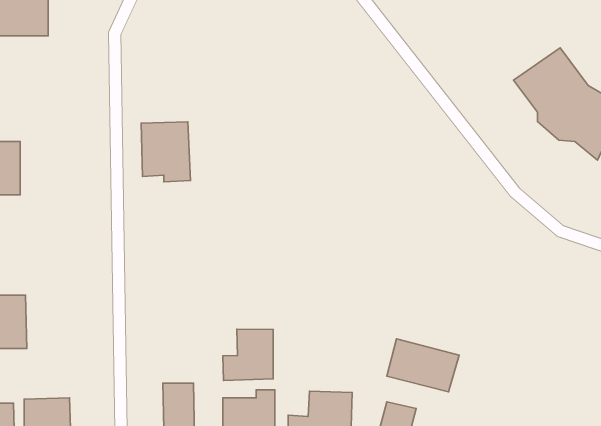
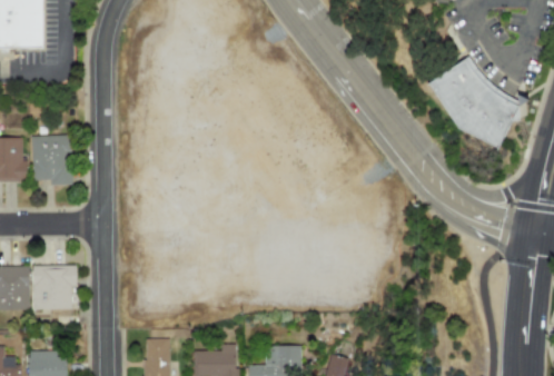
building: [141,122,190,182] -> [29,135,70,185]
building: none -> [30,265,75,309]
building: [223,329,273,381] -> none
building: [387,339,459,392] -> none

